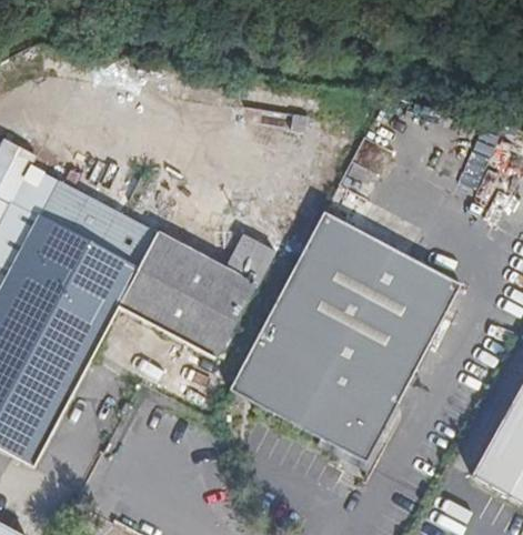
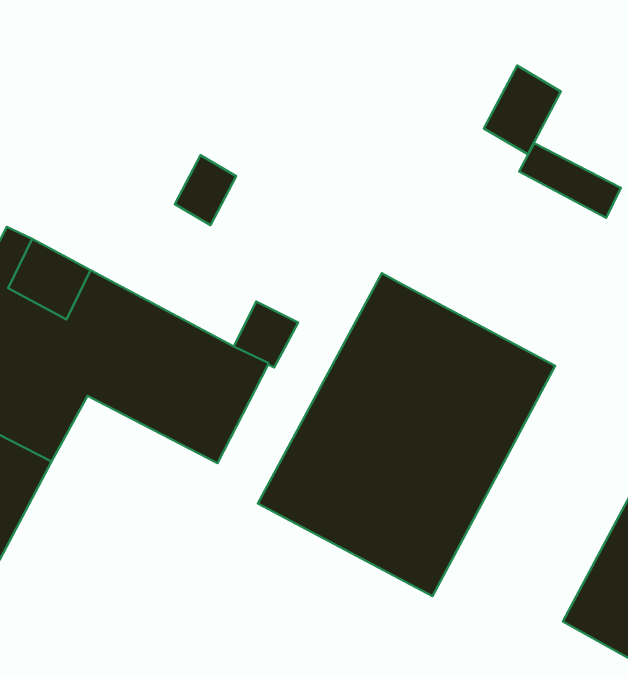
building: none -> [484,66,561,154]
building: none -> [175,155,236,225]

